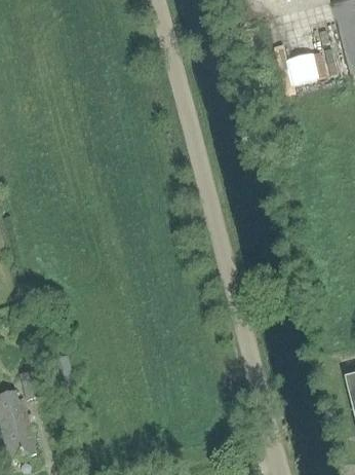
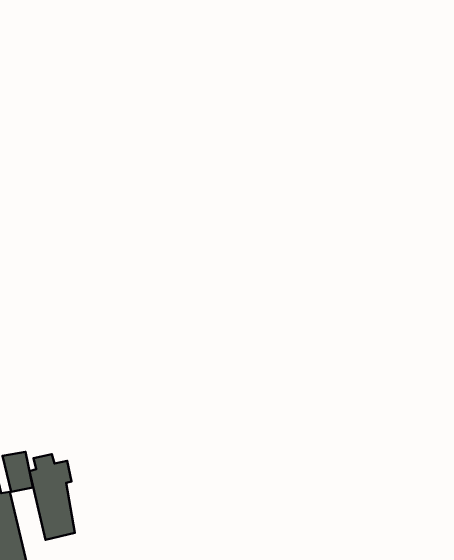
building: none -> [29,454,75,540]

